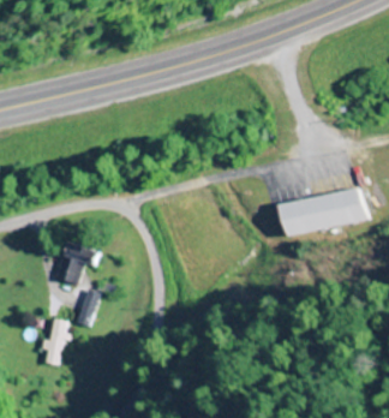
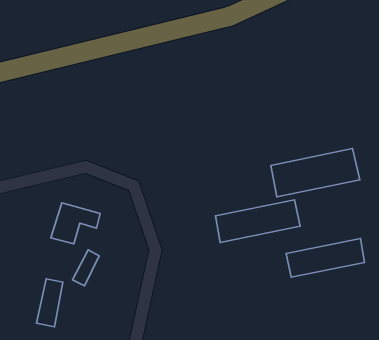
building: none -> [216,200,300,243]
building: none -> [286,238,365,277]

